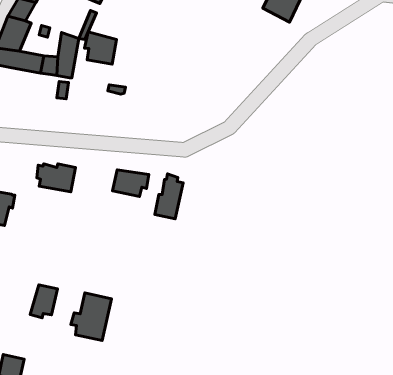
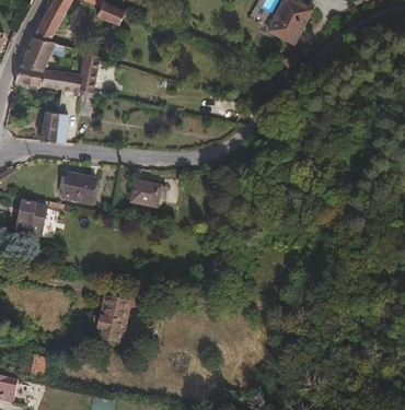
building: [85,32,117,64] -> none
building: none -> [42,110,68,142]
building: [155,174,183,219] -> none
building: [30,285,57,318] -> none

